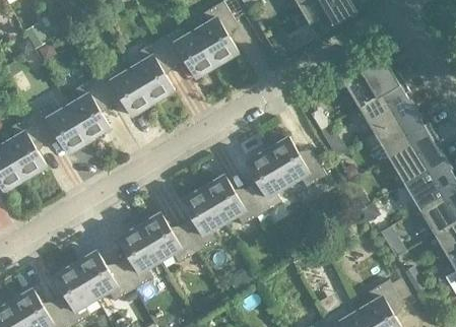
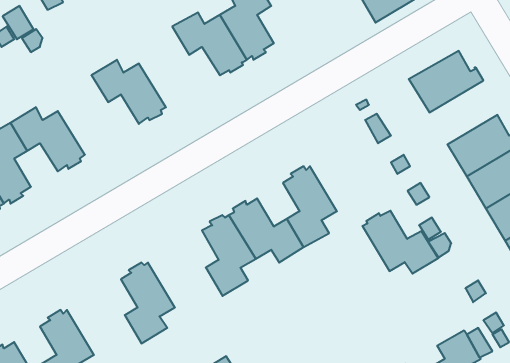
building: [130,40,173,104] -> none
building: [66,78,109,141] -> none
building: [360,82,413,133] -> none
building: [265,138,325,188] -> [362,211,438,274]
building: [137,213,196,264] -> none
building: [73,252,132,302] -> none

